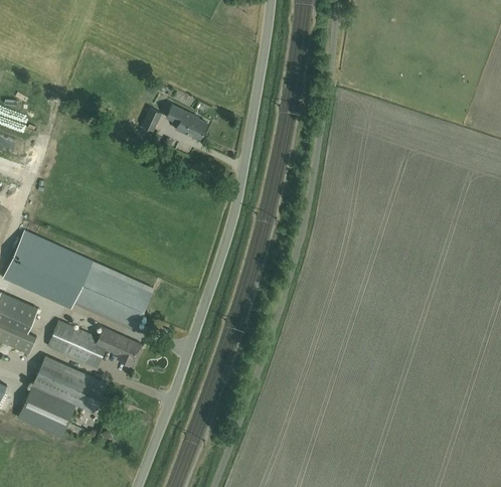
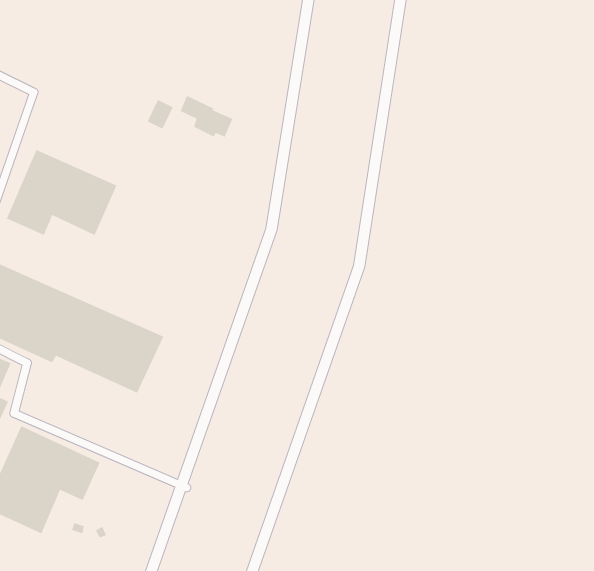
building: none -> [6,149,117,236]
building: [47,320,141,367] -> none

